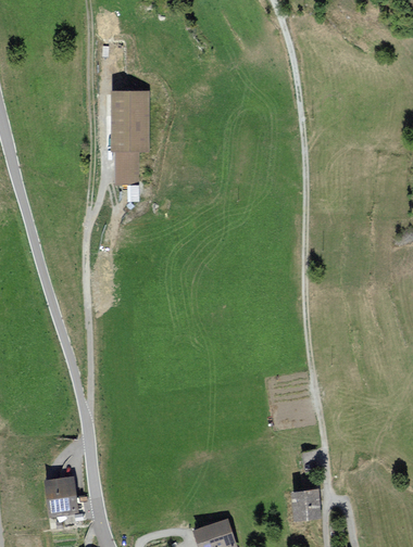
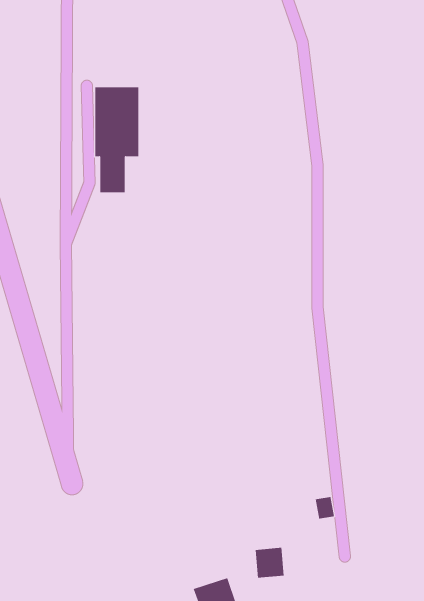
building: [47,475,76,512] -> none
building: [293,488,320,516] -> [255,547,285,578]

